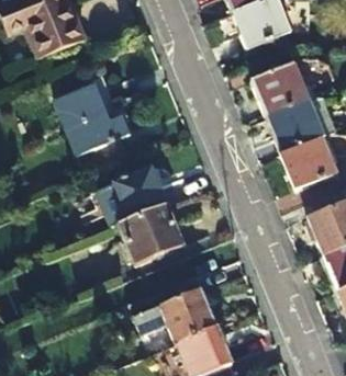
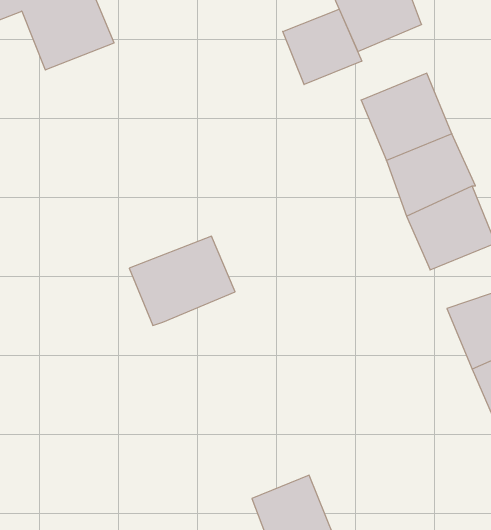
building: none -> [283,9,362,85]
building: [56,83,129,155] -> none
building: [121,205,185,264] -> none
building: [137,276,216,342] -> none

